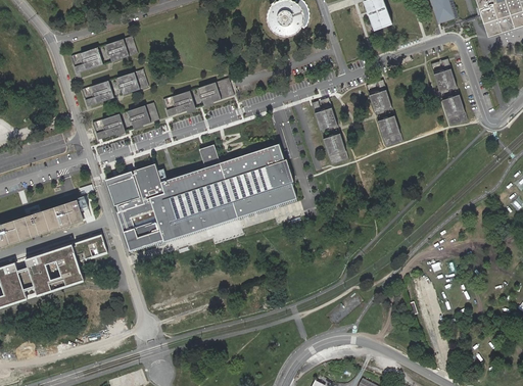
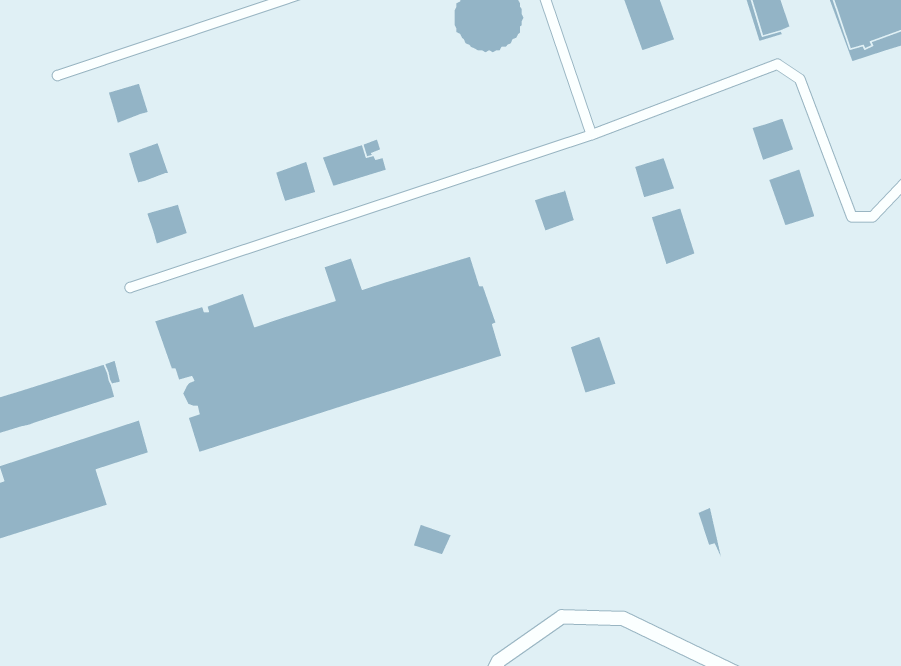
building: [105,37,137,61] -> none
building: [116,69,147,95] -> none
building: [127,103,158,129] -> none
building: [323,134,348,165] -> [570,336,616,393]

